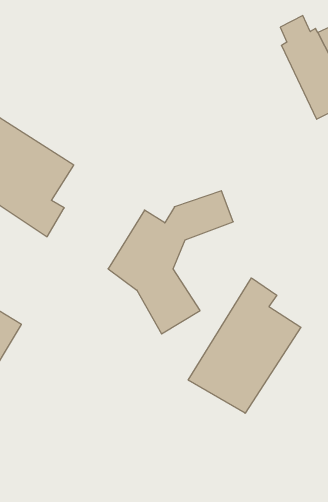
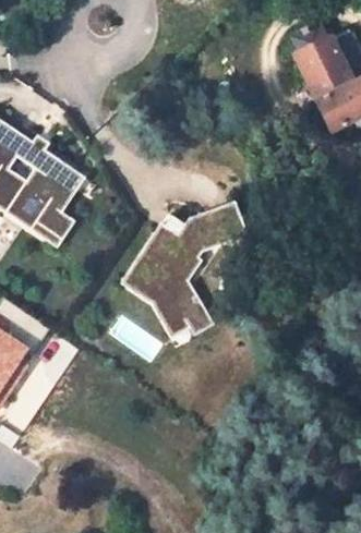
building: [188,278,301,413] -> none

